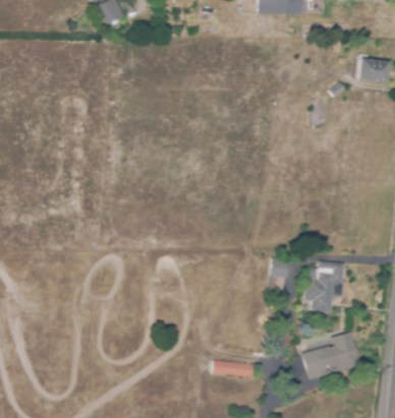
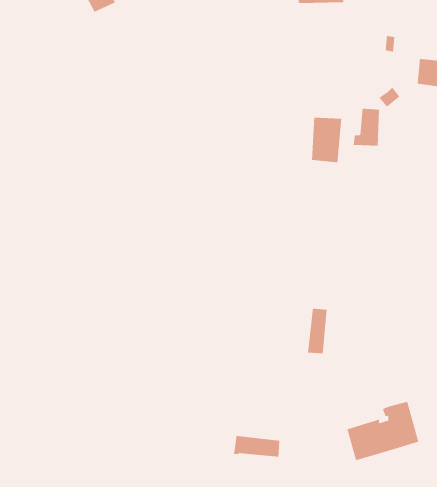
building: none -> [312,117,342,163]
building: [306,260,345,312] -> none

